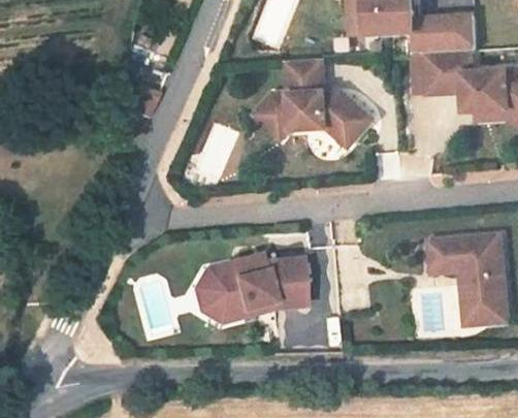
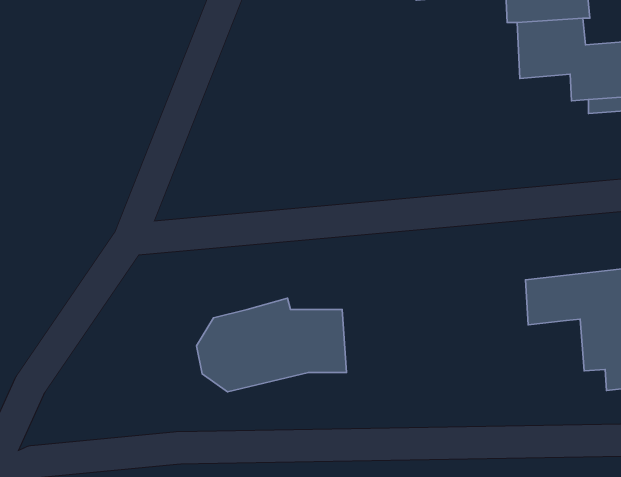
building: [253,57,371,147] -> none
building: [458,270,488,325] -> none

